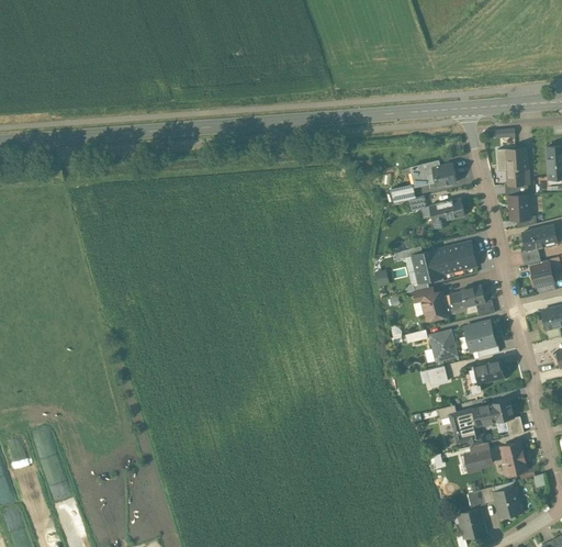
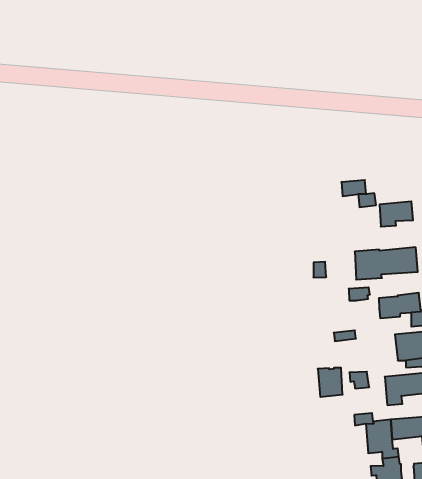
building: [409,161,456,188] -> none
building: [422,292,448,321] -> none
building: [429,331,457,361] -> [318,368,343,397]

